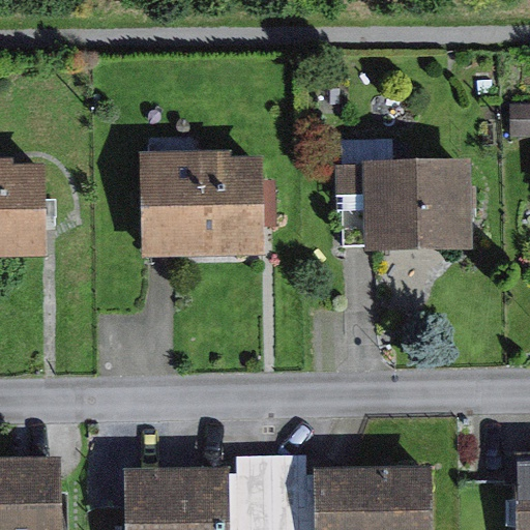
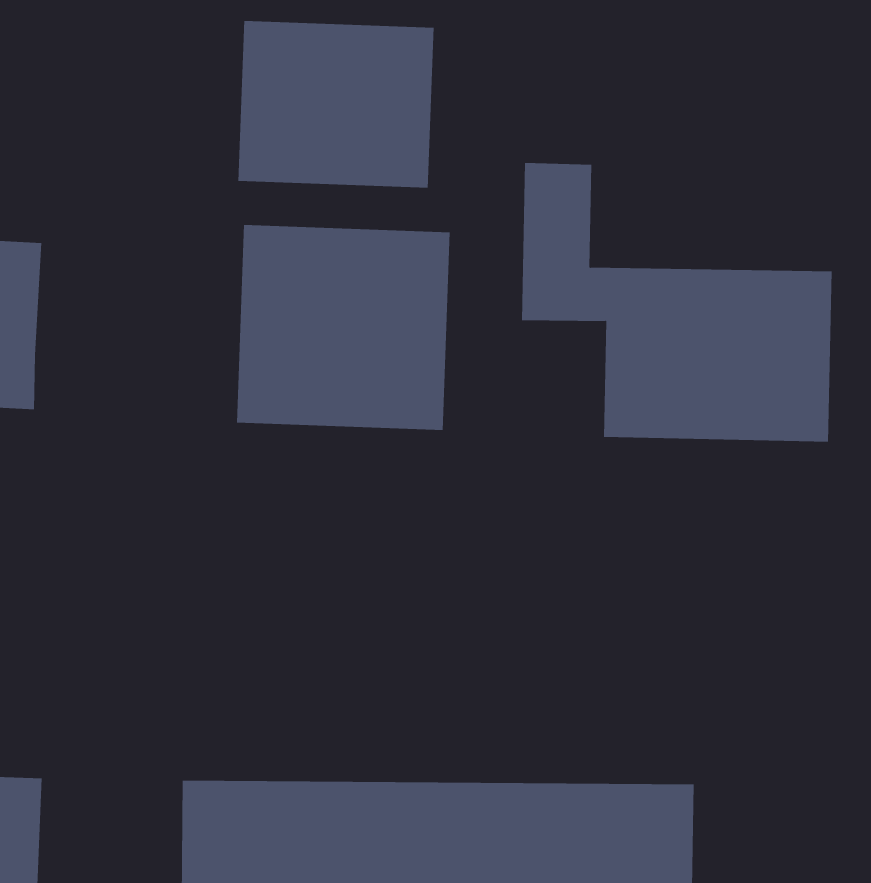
building: none -> [238,20,434,188]

